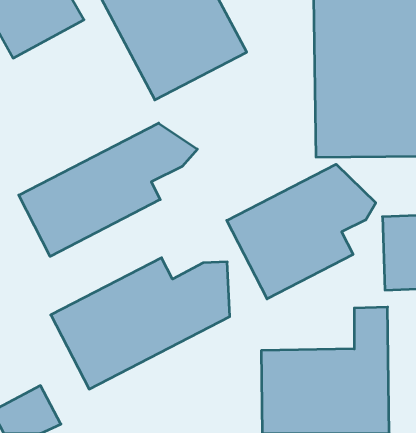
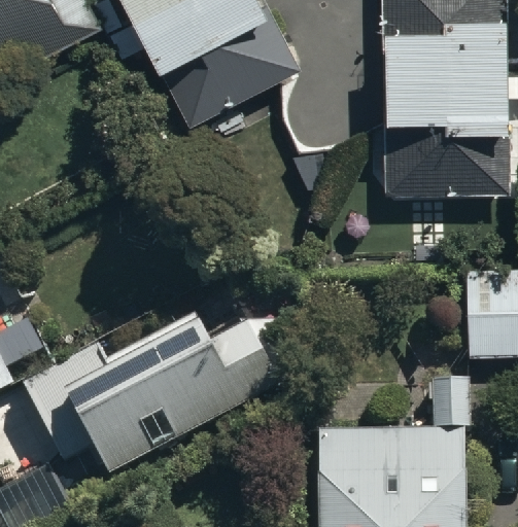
building: [19,123,197,256] -> none
building: [227,164,376,299] -> none

